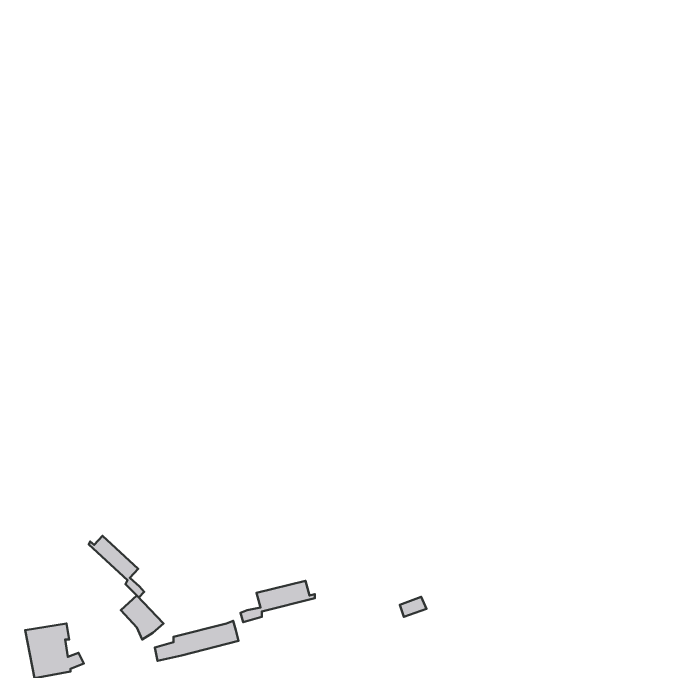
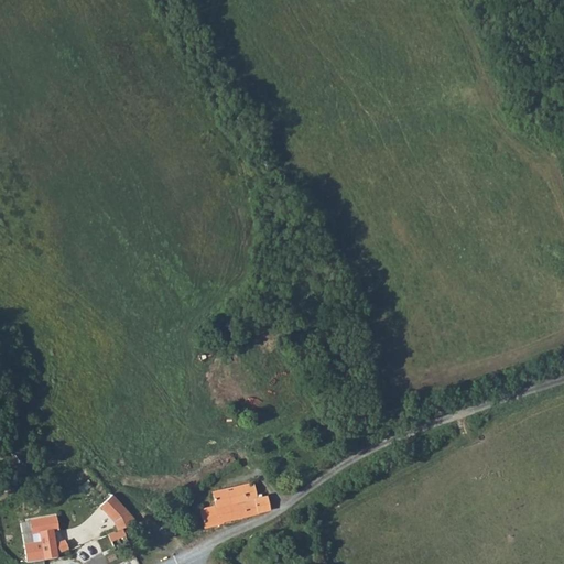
building: [89,536,144,597] -> none
building: [155,621,239,661] -> [202,494,271,527]

